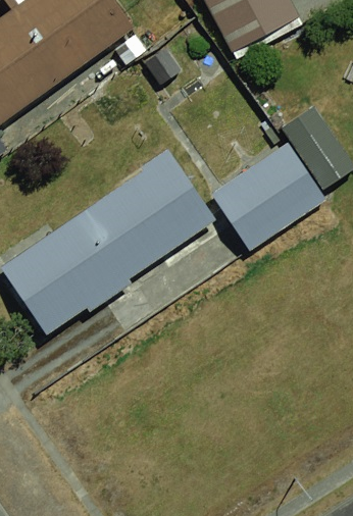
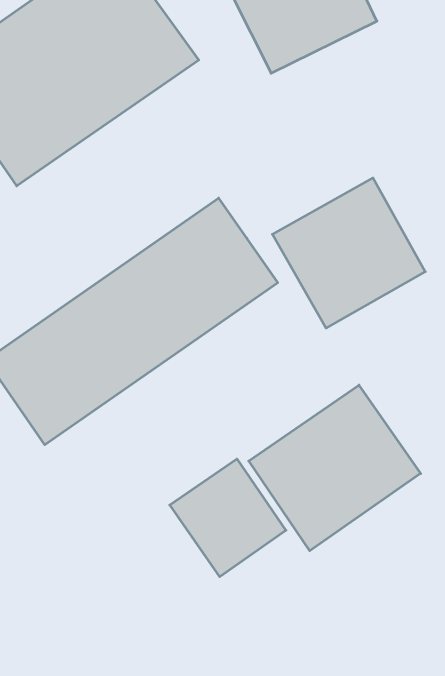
building: none -> [249,385,421,551]
building: none -> [170,459,286,577]

